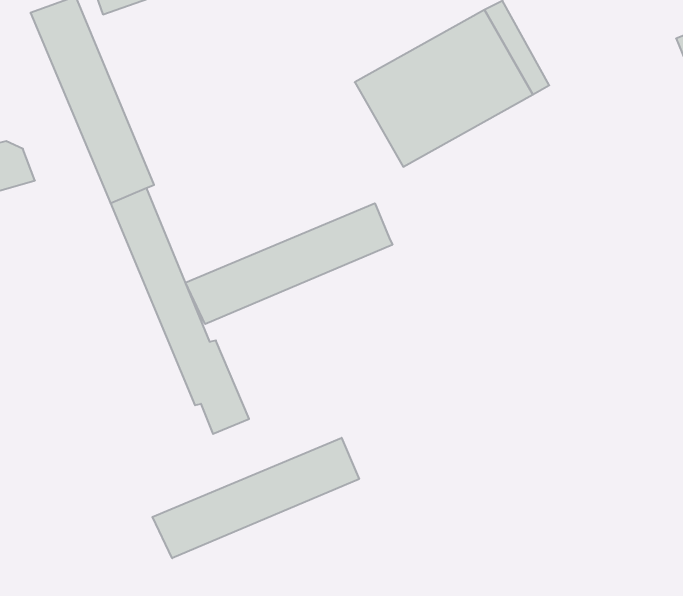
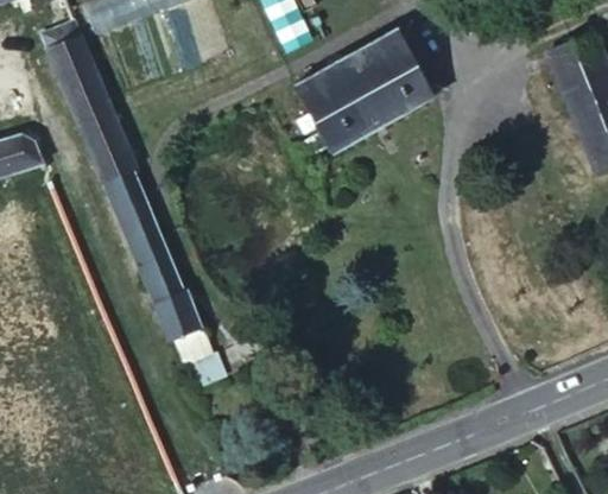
building: [185,203,392,324] -> none
building: [152,438,359,558] -> none

